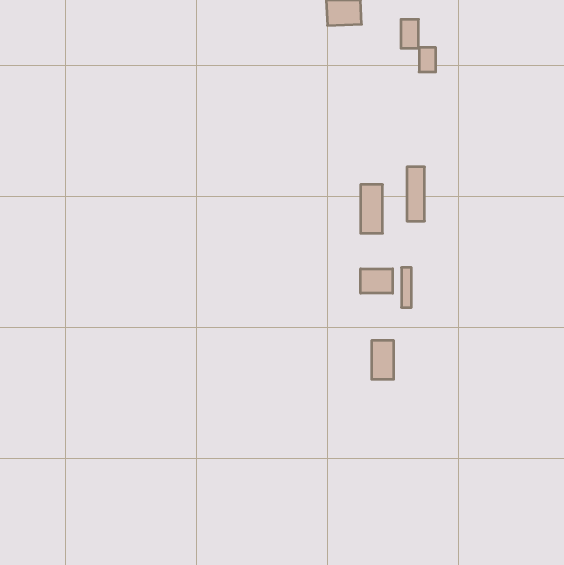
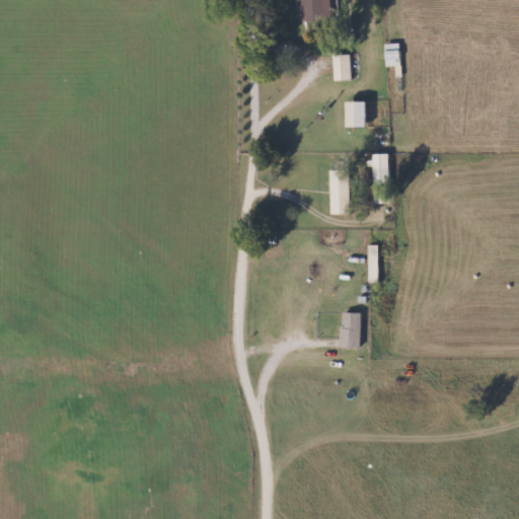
building: [401,19,419,48] -> [333,55,350,81]
building: none -> [348,101,369,127]
building: [361,269,393,293] -> none

